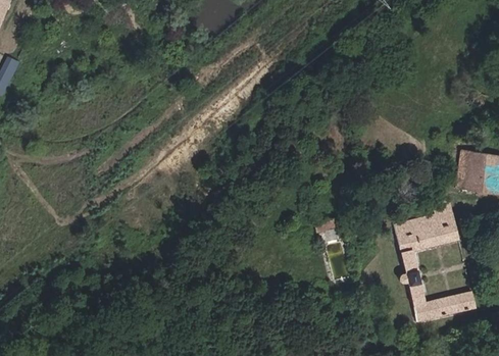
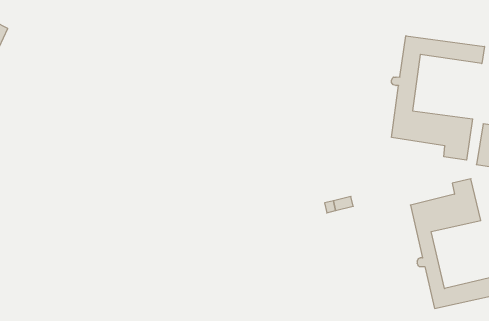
building: none -> [391,36,484,160]

